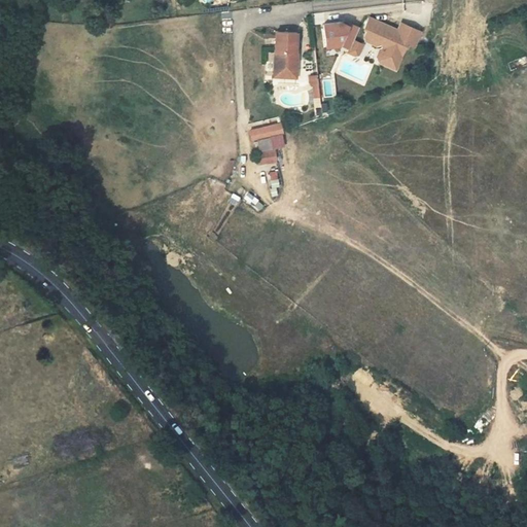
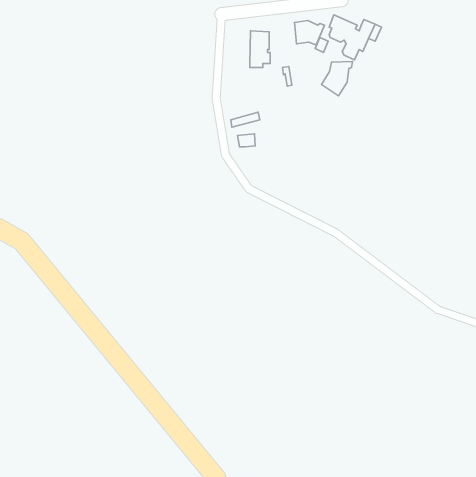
building: none -> [321,61,353,96]

